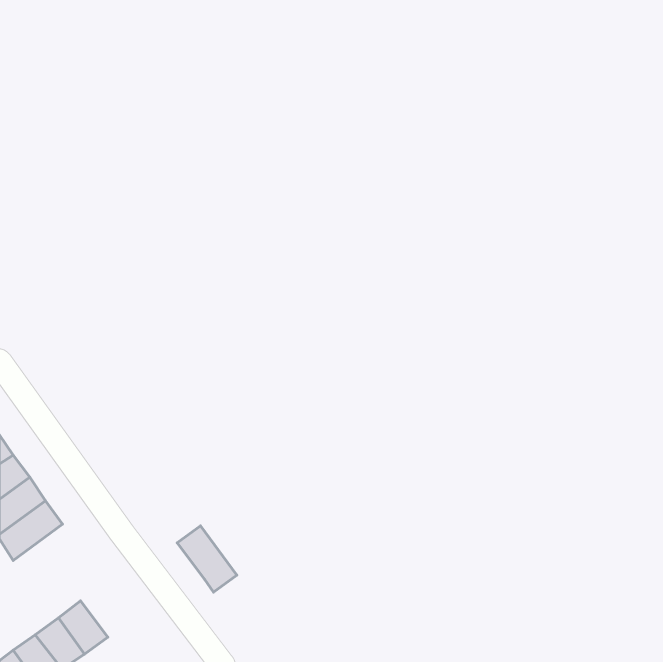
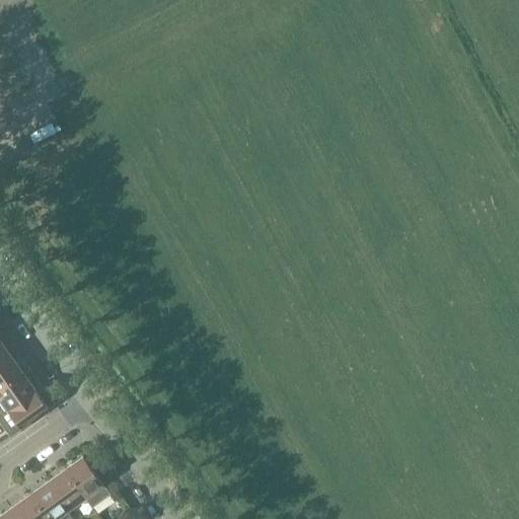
building: [177,526,237,592] -> [63,457,109,509]

